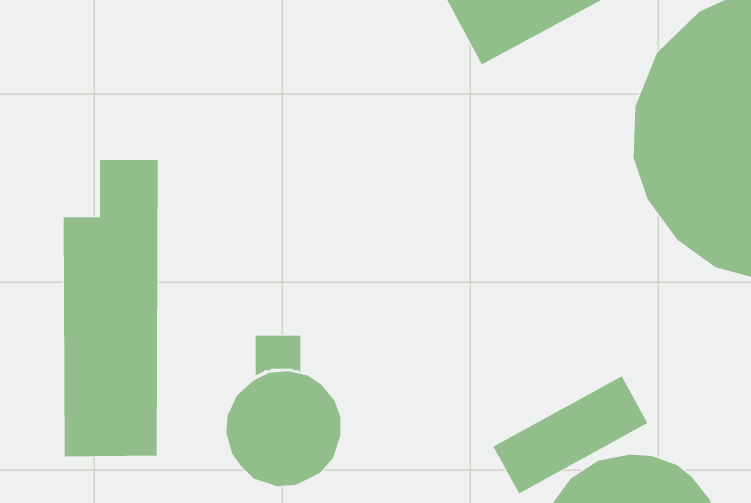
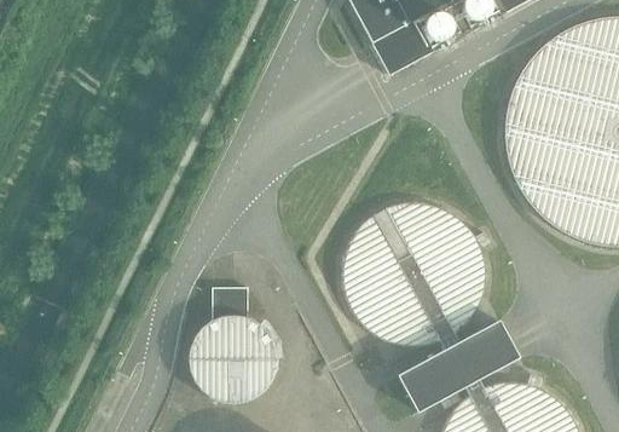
building: [63,159,158,457] -> none
building: none -> [342,200,480,339]

